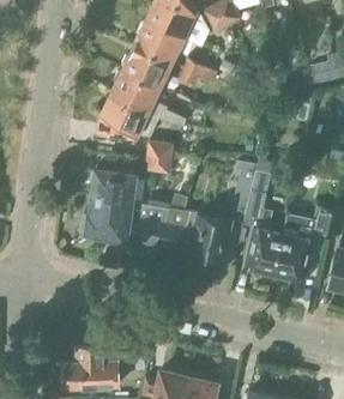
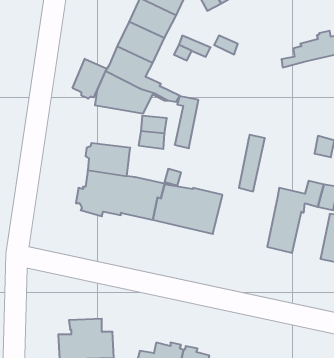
building: none -> [73,59,107,99]
building: [233,162,257,214] -> [175,96,198,148]
building: [248,220,285,274] -> none

